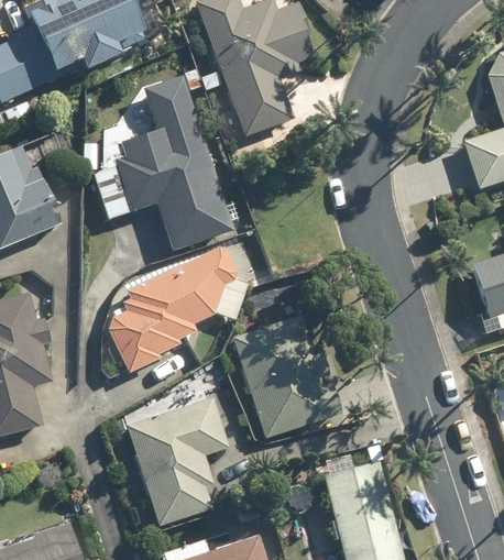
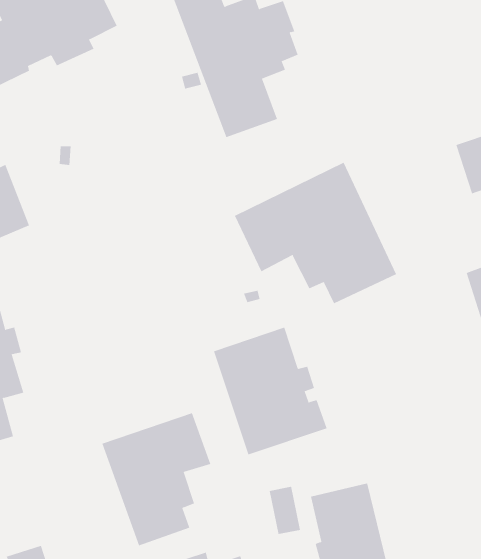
building: [92,74,238,252] -> none
building: none -> [234,162,397,304]
building: [108,245,246,371] -> none

